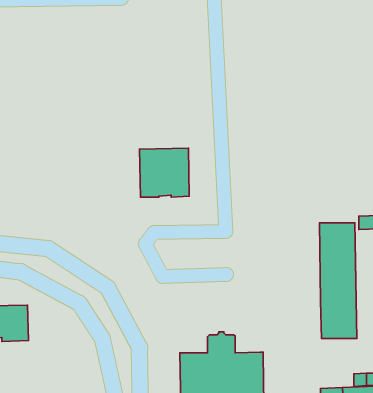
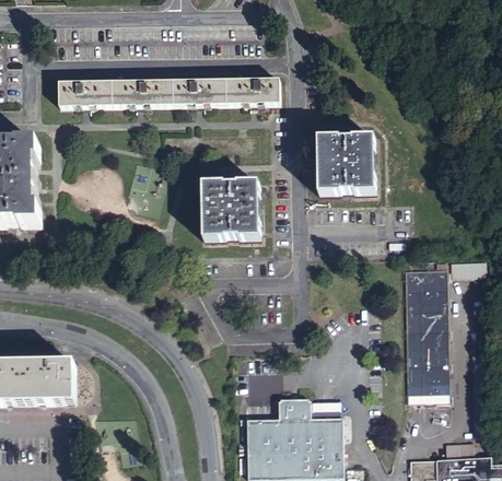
building: none -> [57,80,278,106]
building: none -> [316,138,373,193]

